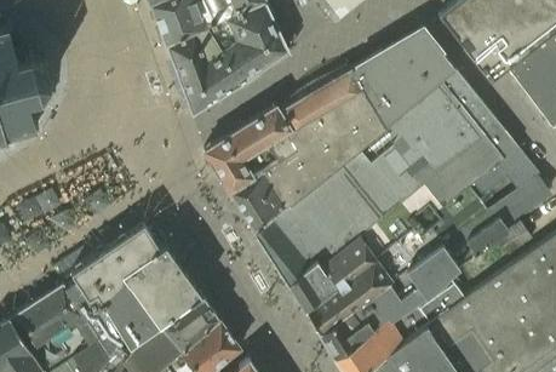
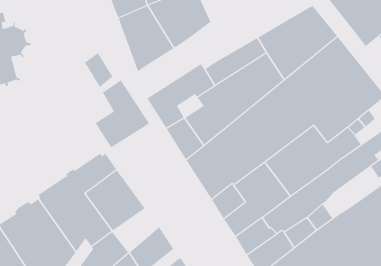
building: none -> [84,52,113,88]
building: none -> [95,79,150,148]
building: [159,296,220,354] -> none

